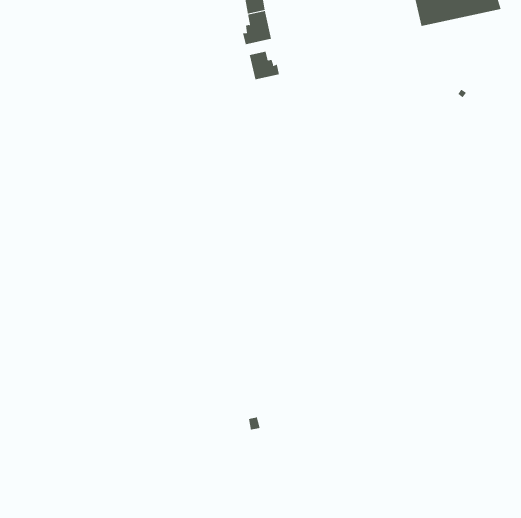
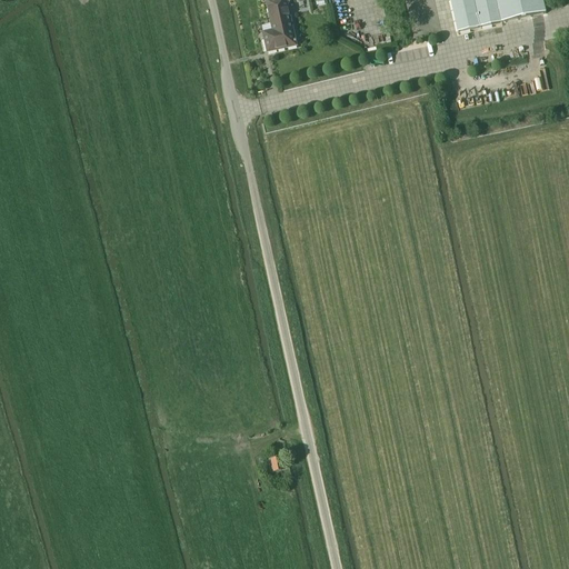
building: [249,51,279,80] -> none

